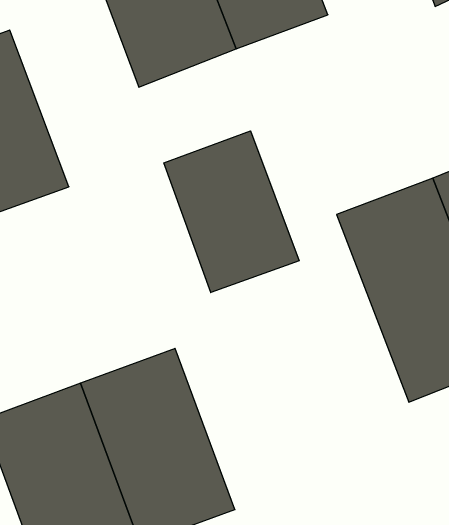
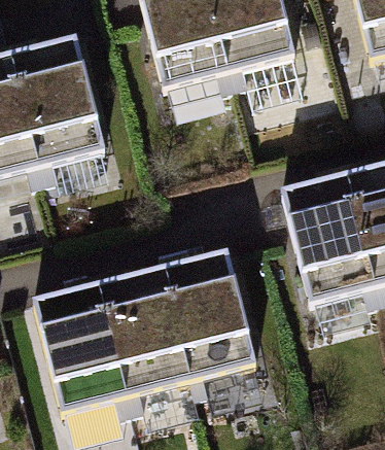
building: [164,131,299,293] -> none
building: none -> [165,255,257,383]

